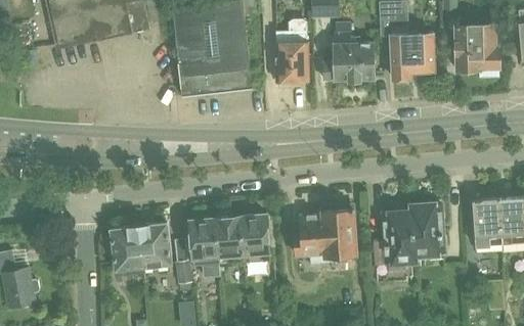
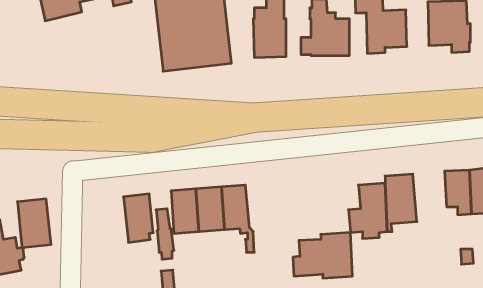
building: [294,209,355,257] -> [293,233,352,278]
building: [111,227,145,277] -> [17,199,51,247]

